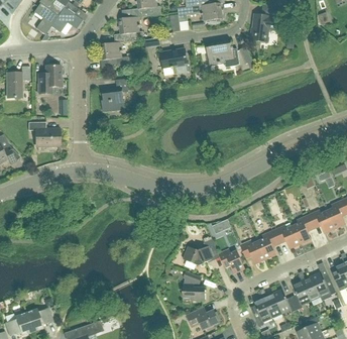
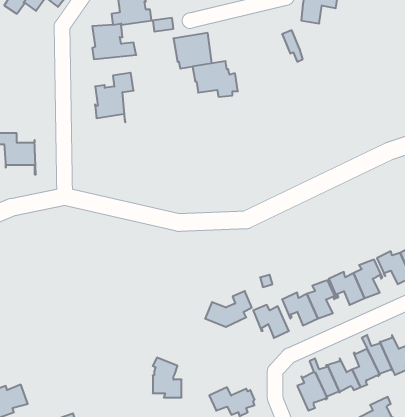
building: [206,40,239,67] -> [193,61,238,97]
building: [37,65,64,94] -> none
building: [183,270,204,300] -> [153,358,182,397]

